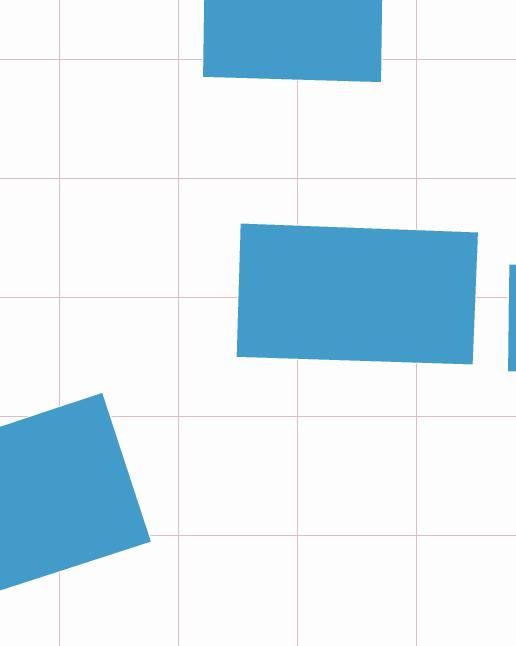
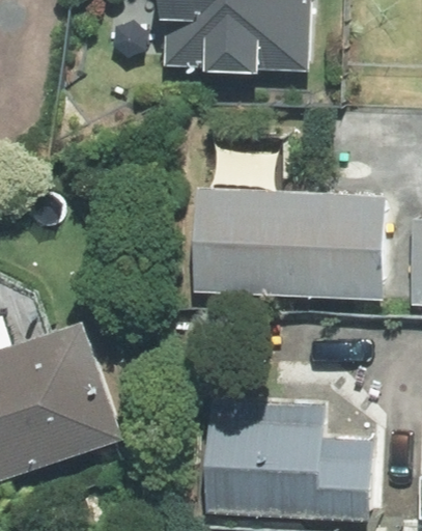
building: none -> [205,397,371,520]

